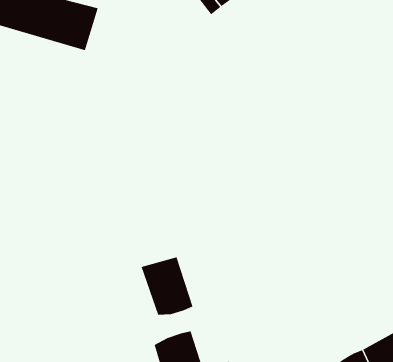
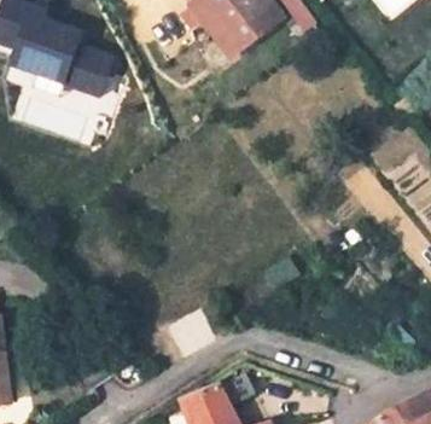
building: [141,257,193,316] -> none

